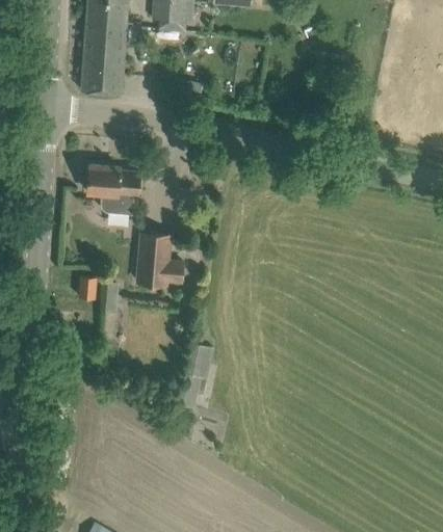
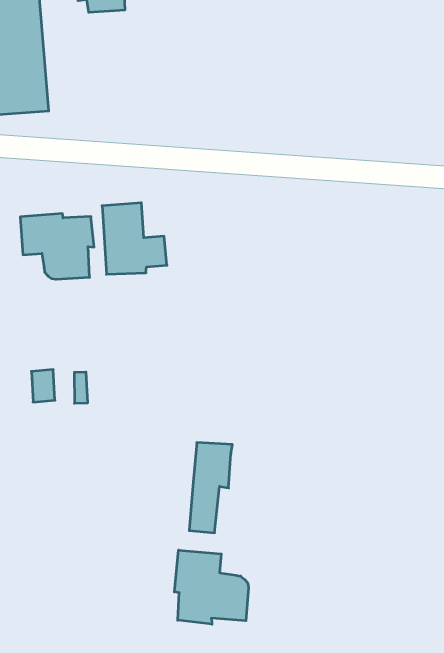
building: [137,233,182,285] -> [102,203,167,274]
building: none -> [174,550,249,624]

